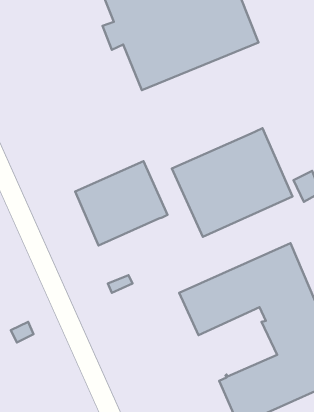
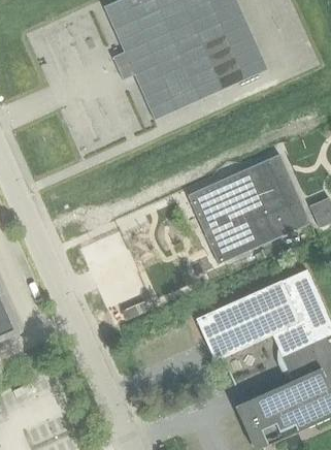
building: [75,161,167,246] -> none

